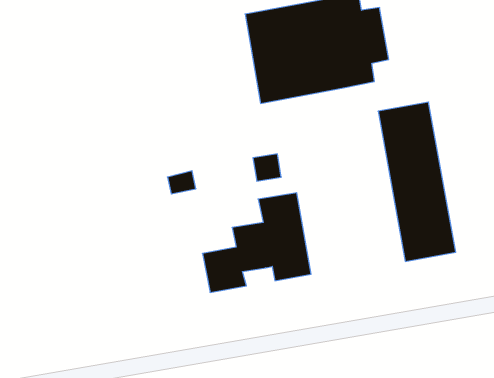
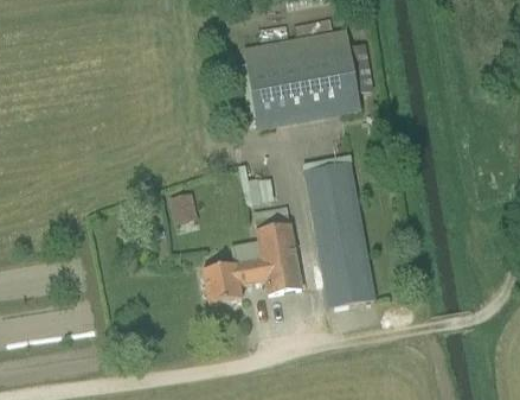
building: [378,102,456,261] -> [303,161,374,307]

